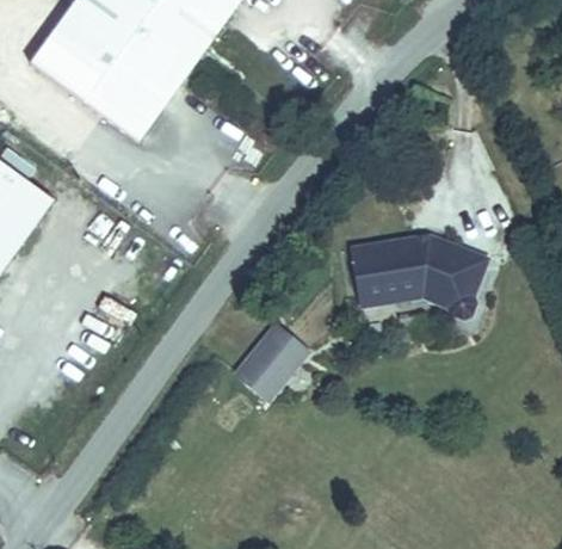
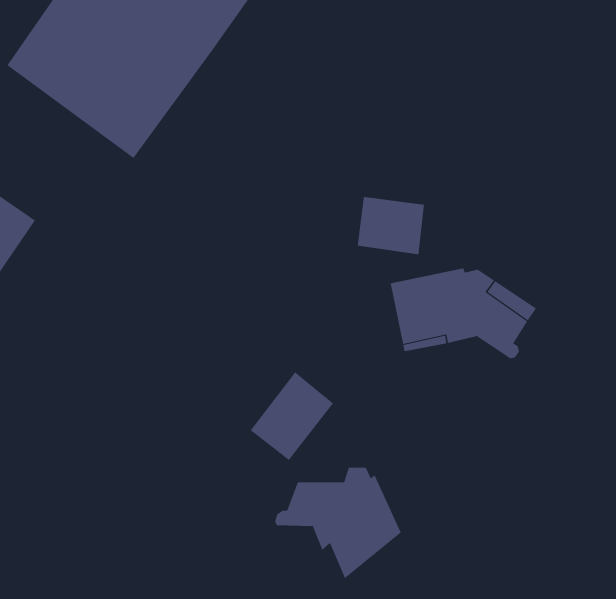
building: none -> [357,196,424,255]
building: none -> [275,467,401,579]

